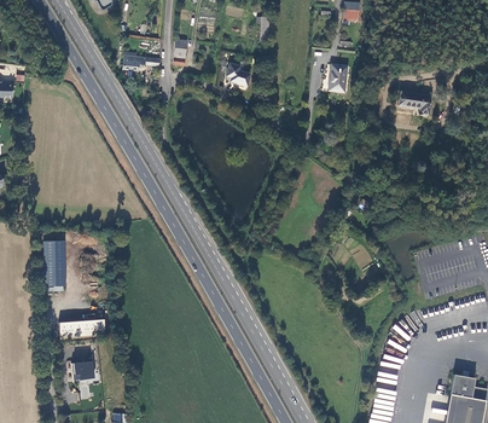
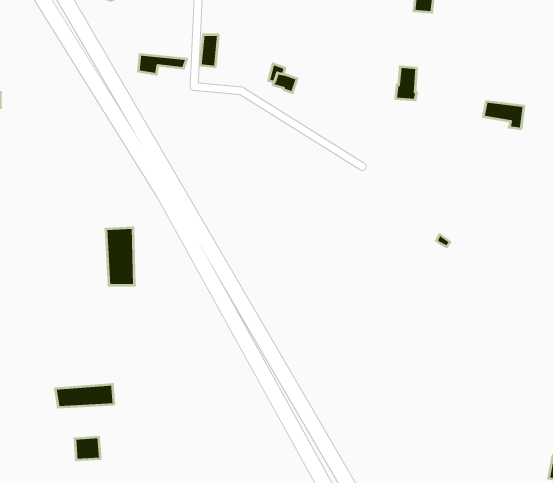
building: [42,239,65,285] -> [106,228,135,285]

